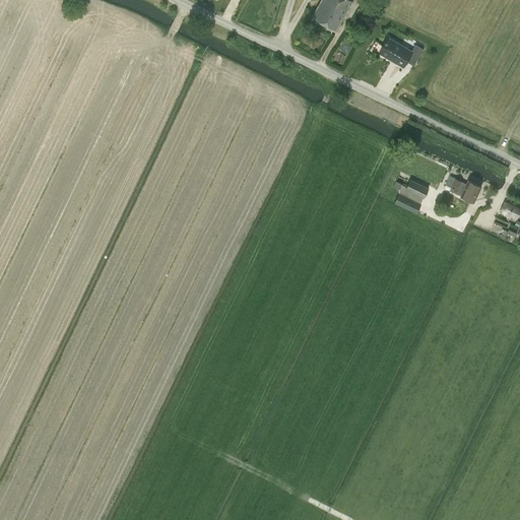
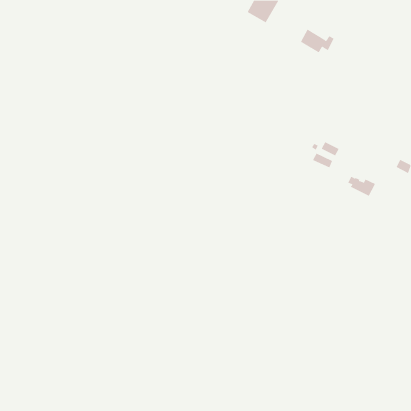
building: [446,176,481,202] -> [348,176,376,197]

